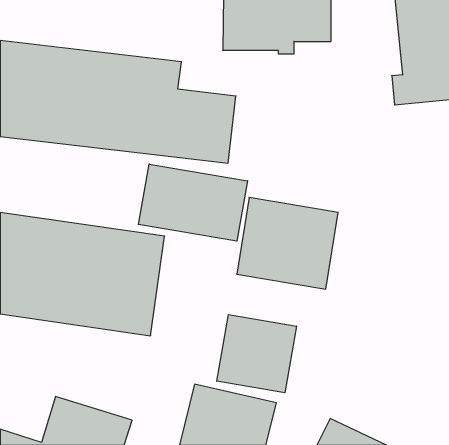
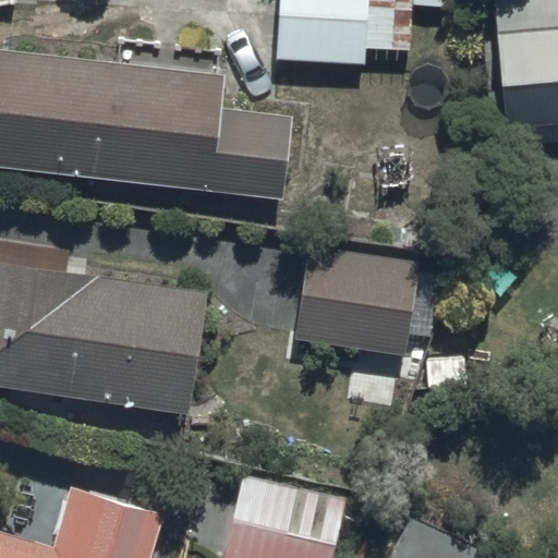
building: [138,164,248,241] -> none
building: [217,315,296,393] -> none

